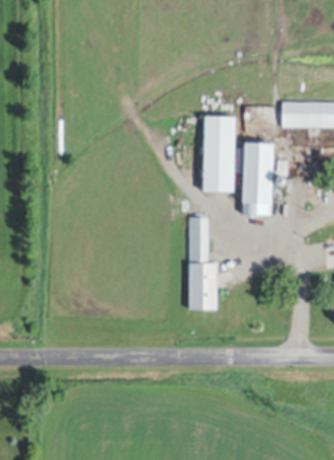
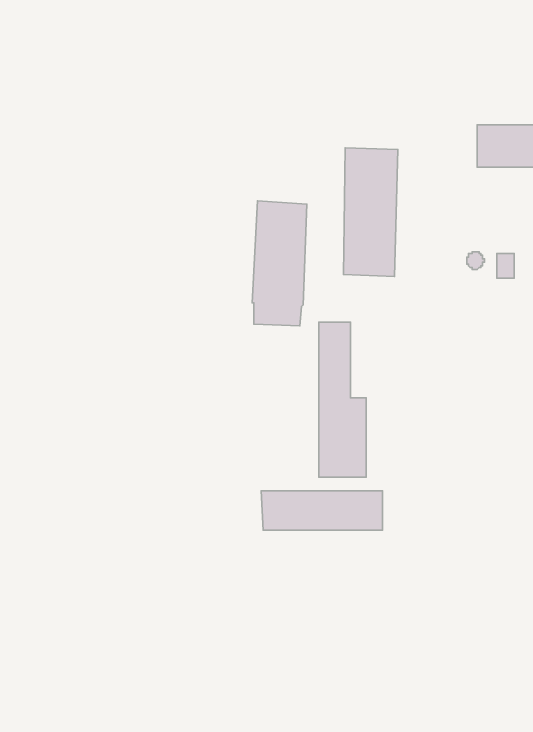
building: [242,142,274,215] -> [252,201,307,326]
building: none -> [261,491,382,530]

